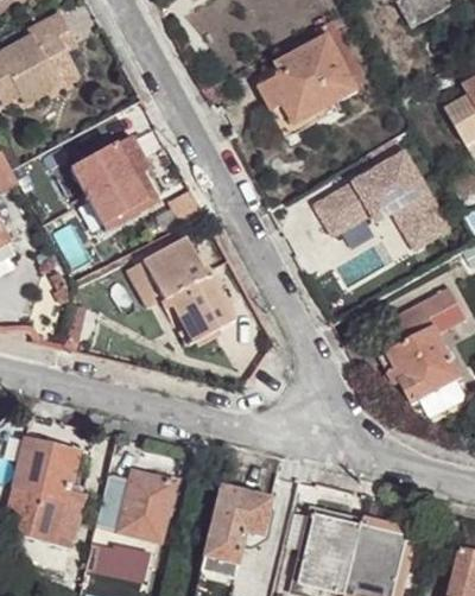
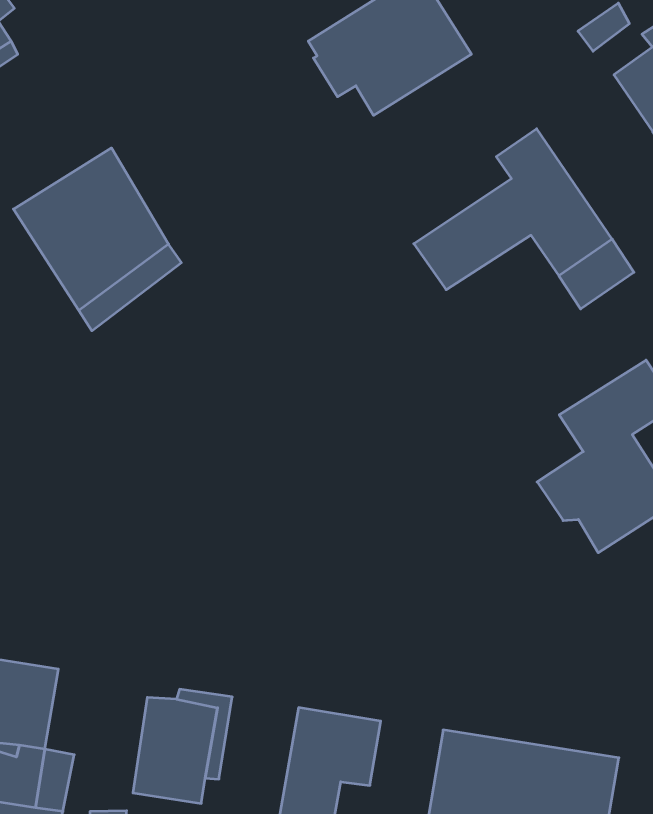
building: [138,235,234,337] -> none

